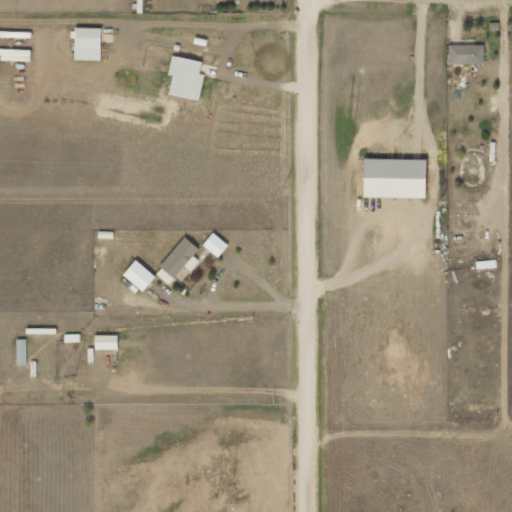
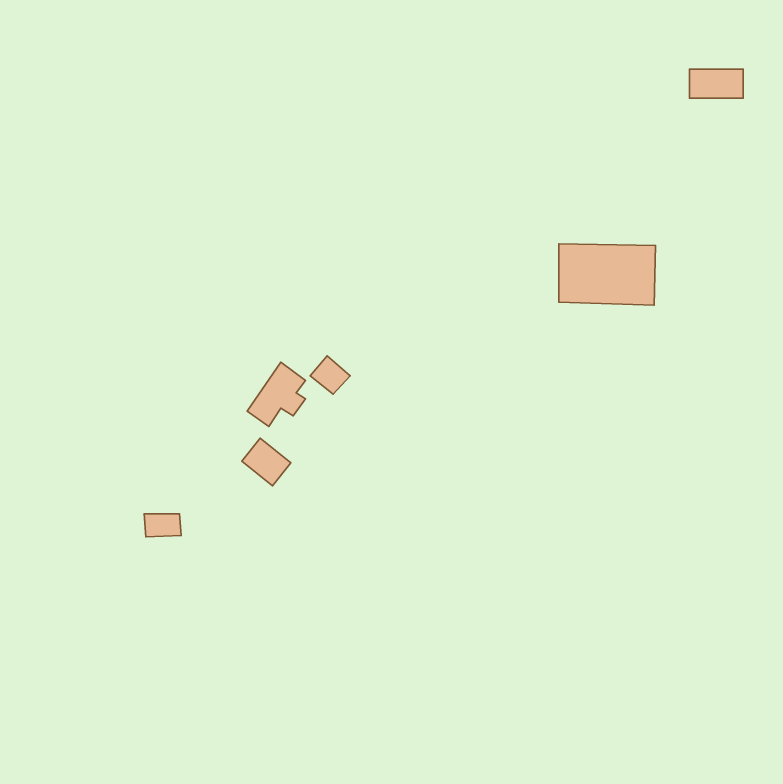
building: [75,28,101,49] -> none
building: [168,56,204,101] -> none
building: [123,260,155,291] -> [242,438,291,486]

